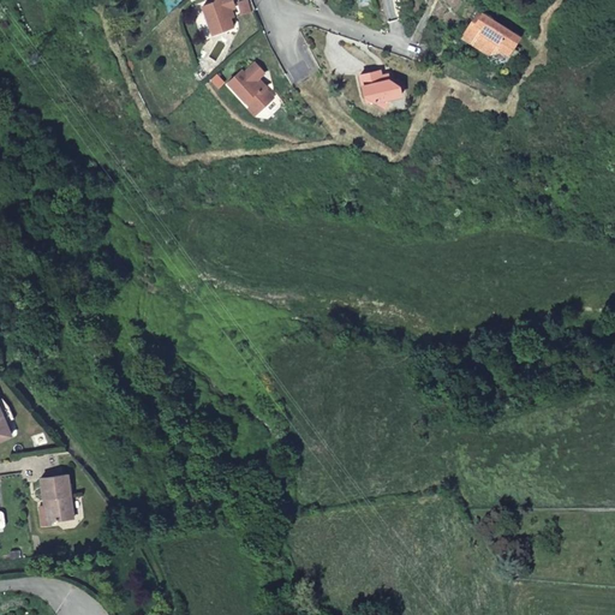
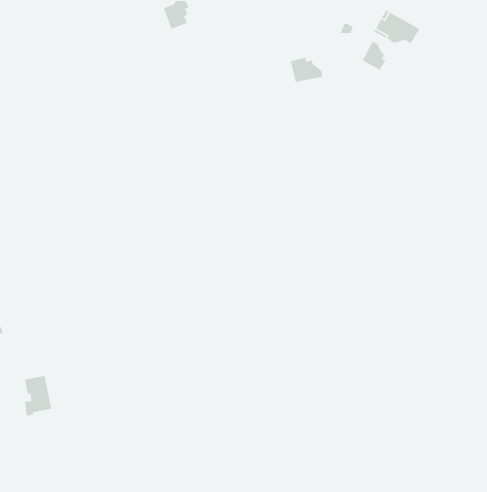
building: none -> [361,41,386,71]
building: [228,62,271,113] -> none

